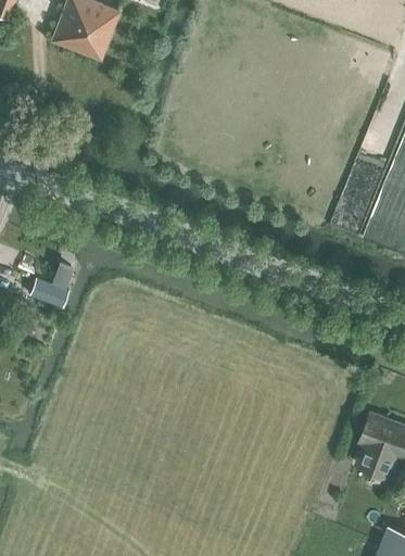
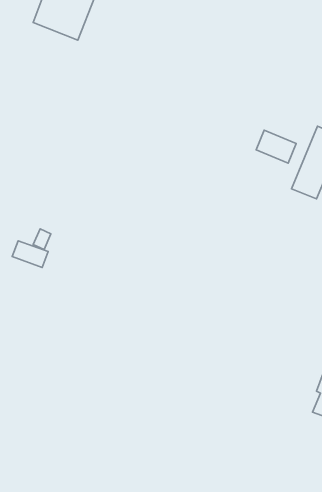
building: none -> [256,130,296,163]

